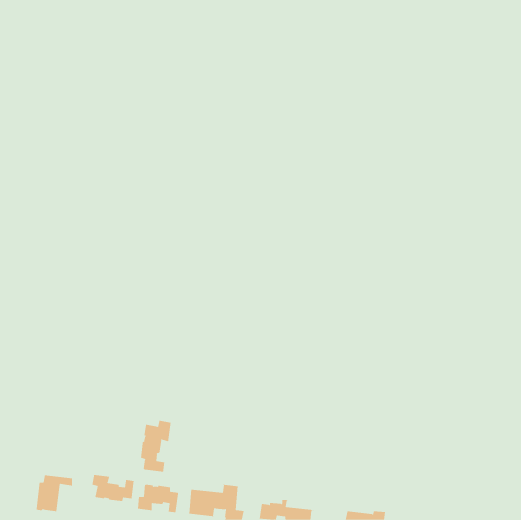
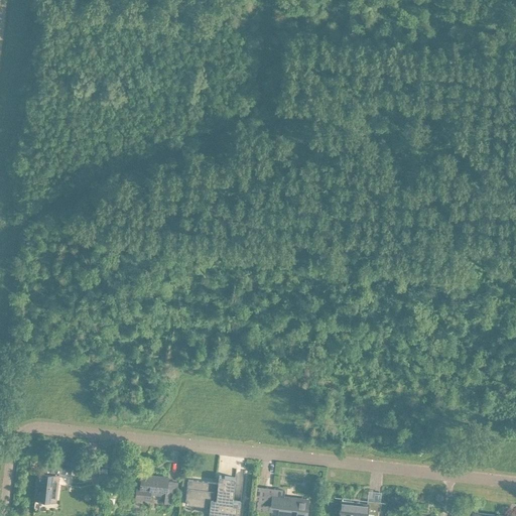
building: [141,420,171,472] -> none
building: [92,474,134,502] -> none

